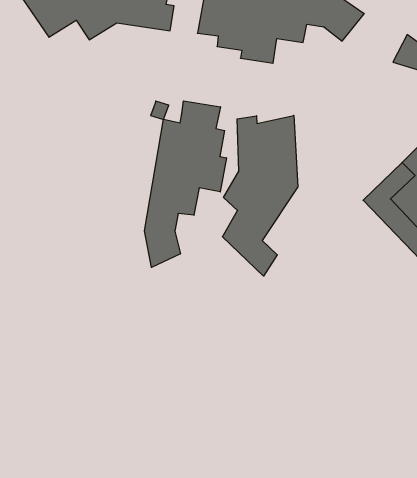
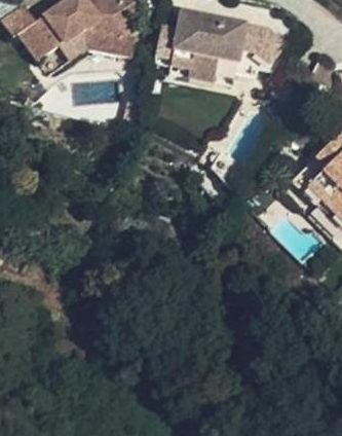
building: [144,101,226,267] -> none
building: [222,115,298,276] -> none

